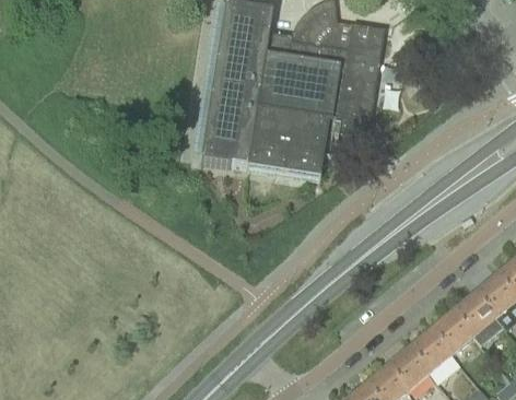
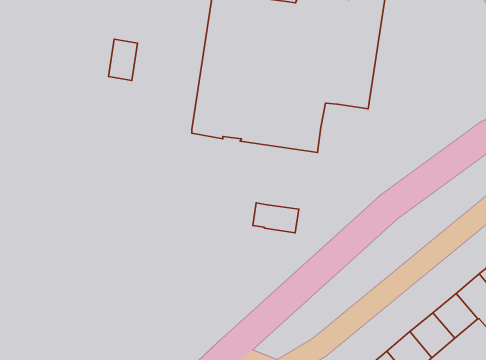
building: none -> [109,39,137,80]
building: none -> [253,203,299,233]

